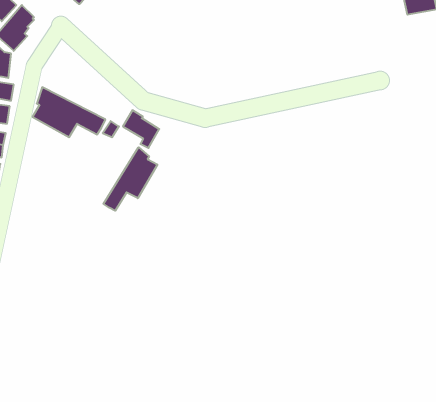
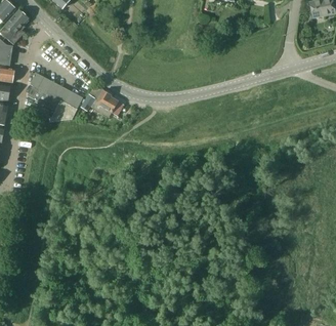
building: [103,147,157,211] -> none

